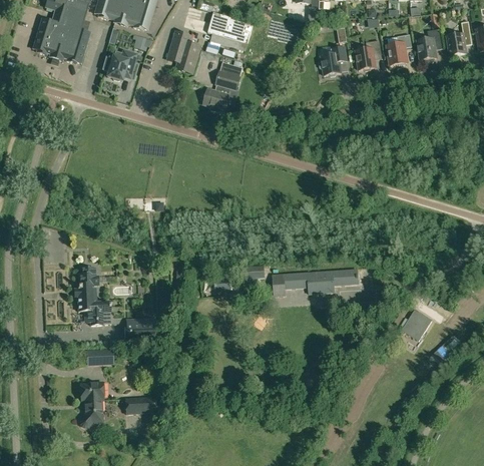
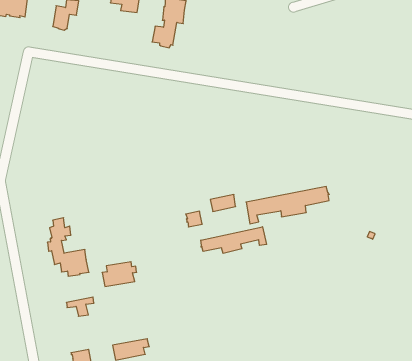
building: none -> [201,227,267,253]
building: [402,309,432,340] -> none
building: [78,381,103,400] -> none

